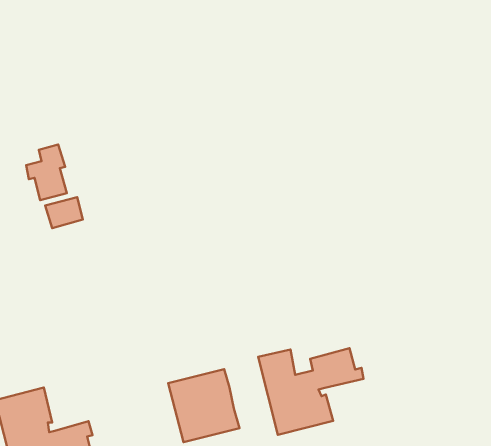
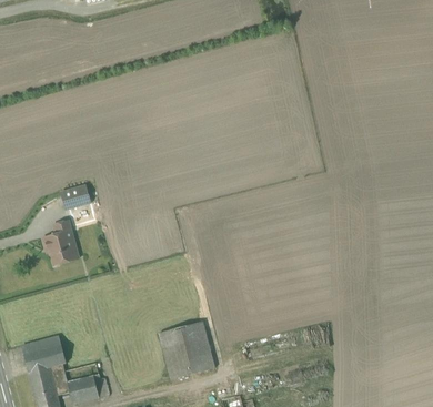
building: [26,144,67,200] -> [43,220,75,264]
building: [258,348,364,435] -> none

